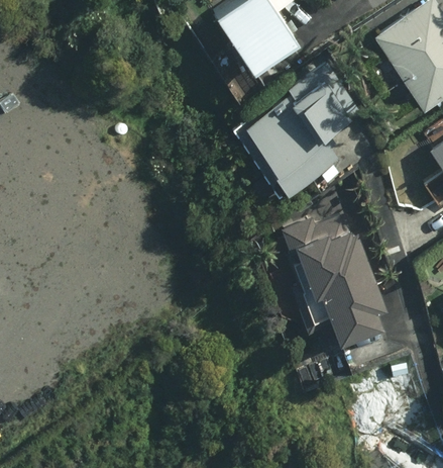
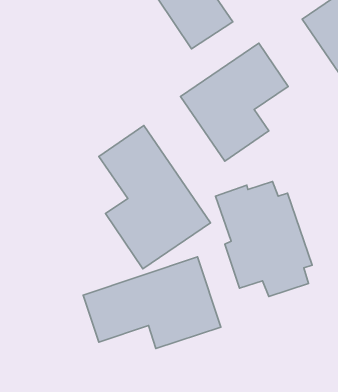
building: none -> [99,125,210,269]
building: none -> [83,257,221,349]

